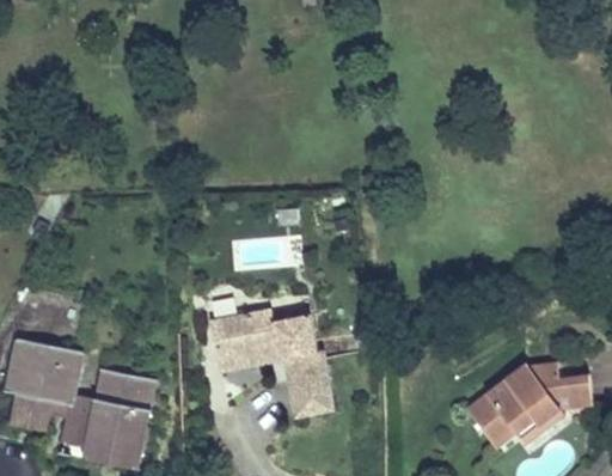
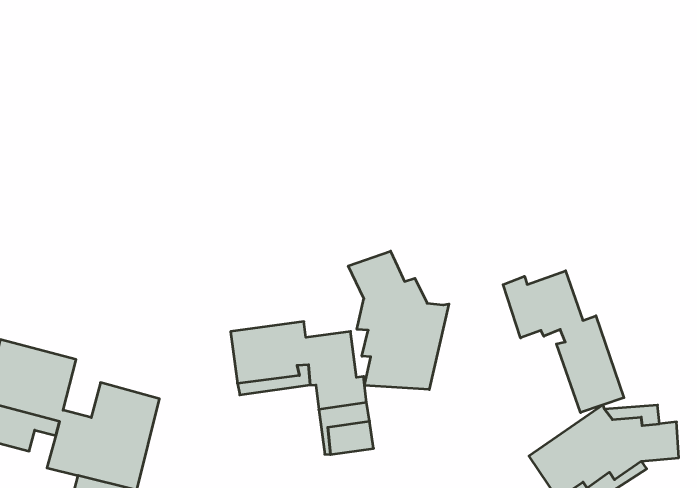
building: none -> [348,251,449,390]
building: none -> [503,271,624,413]

